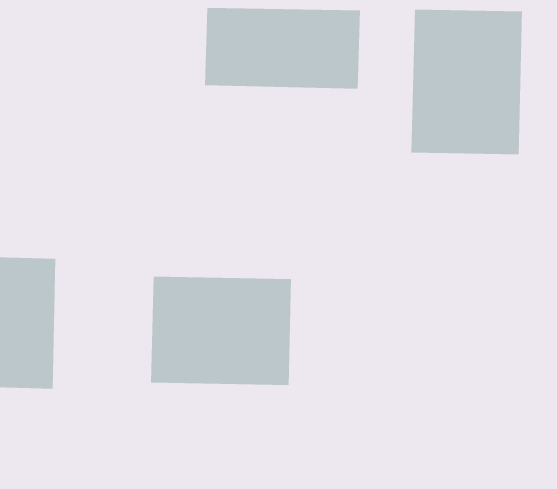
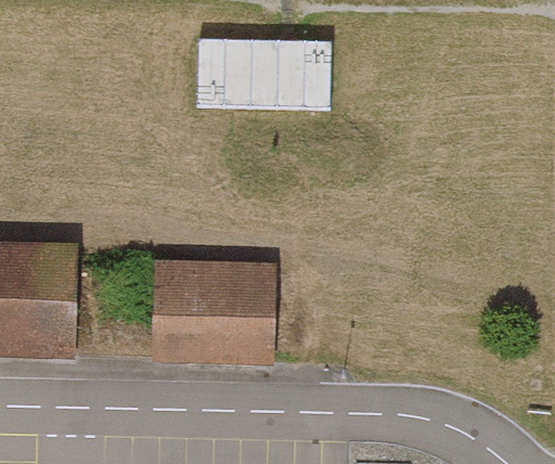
building: [411,9,523,155] -> none

